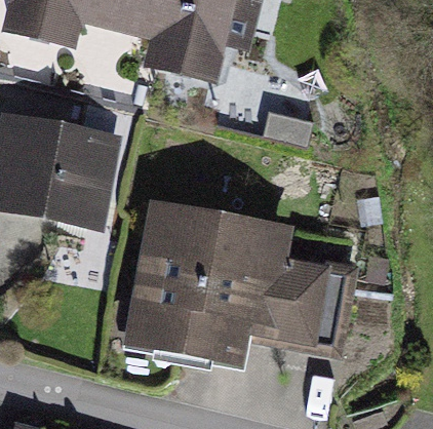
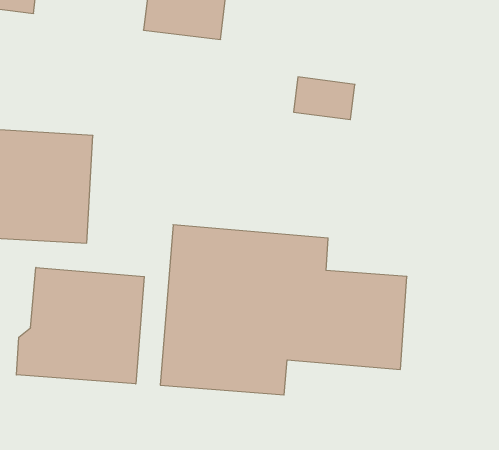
building: none -> [16,267,144,384]

